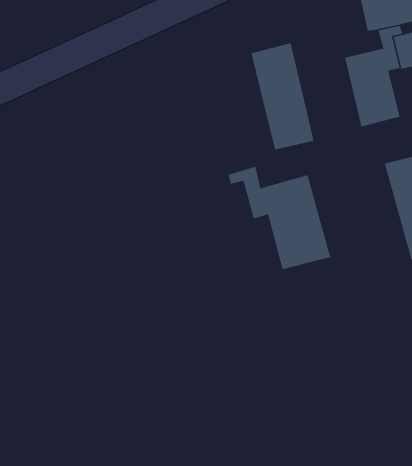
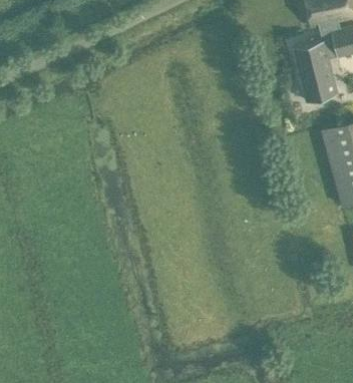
building: [251,42,315,150] -> none
building: [228,166,331,270] -> none

